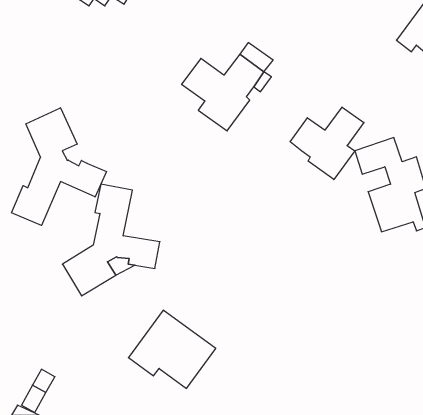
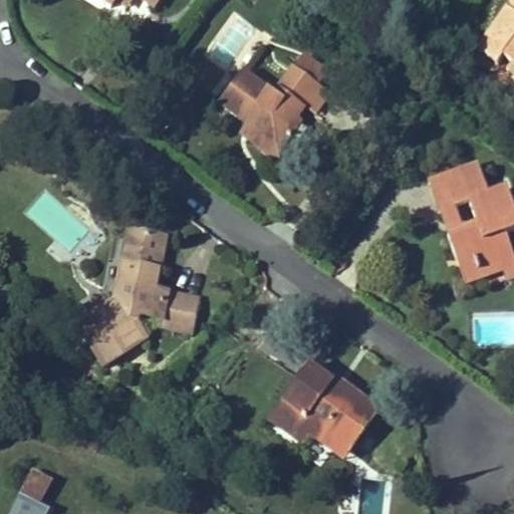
building: [290,107,364,180] -> none
building: [11,108,106,225] -> none
building: [128,310,216,388] -> [269,360,374,455]

